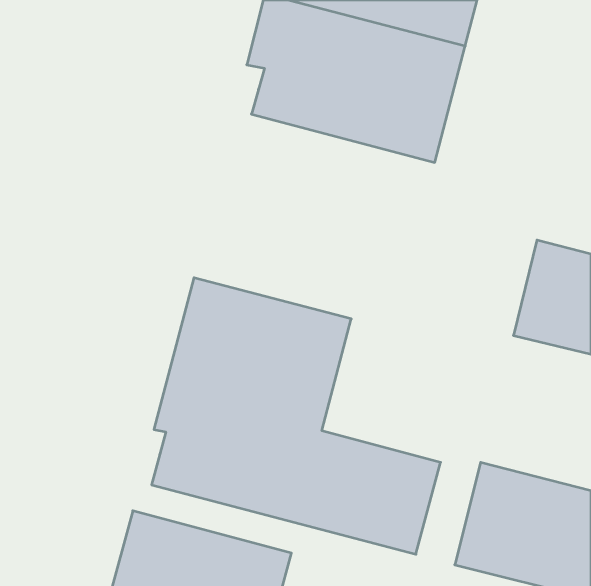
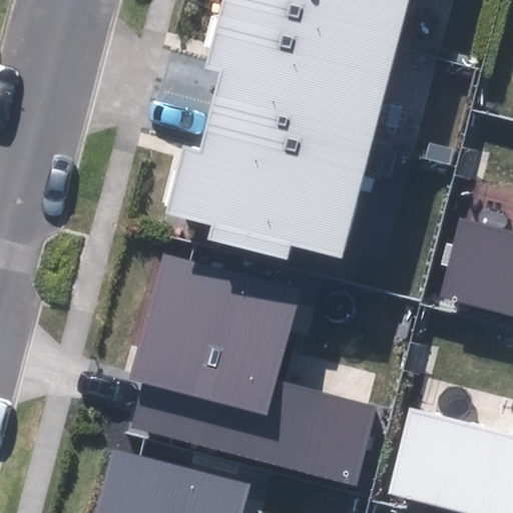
building: none -> [171,110,371,258]

